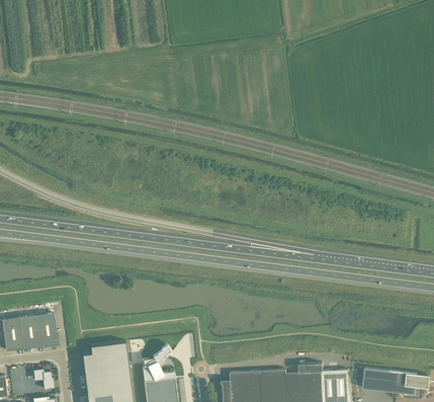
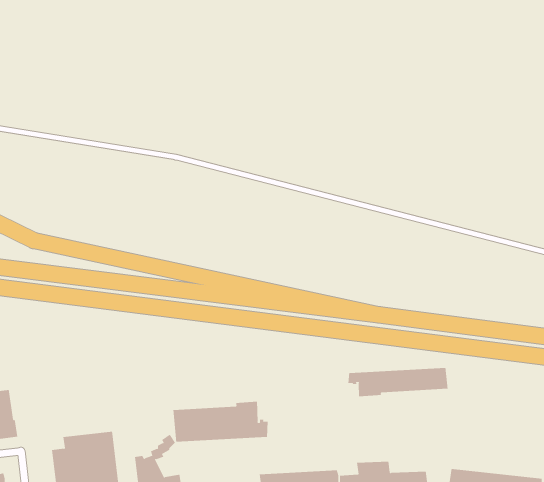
building: none -> [348,367,448,397]
building: none -> [173,401,268,443]

